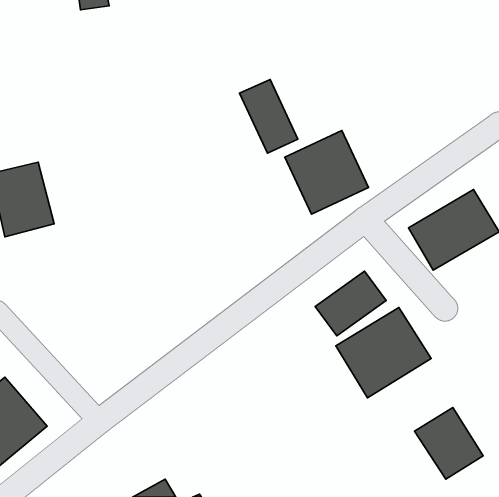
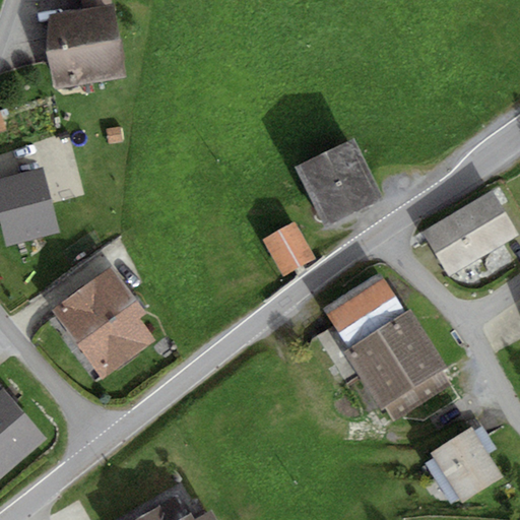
building: none -> [45,9,124,85]
building: [240,79,298,153] -> none
building: none -> [262,218,309,268]
building: none -> [52,267,152,370]

